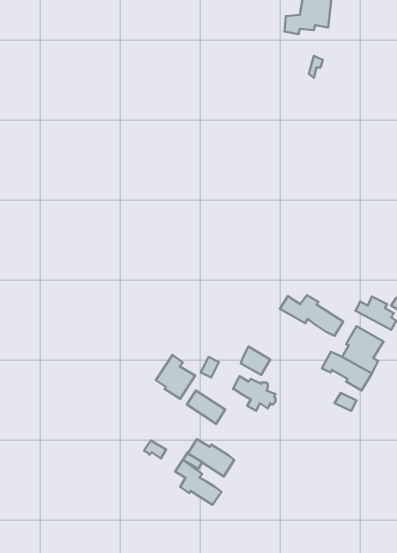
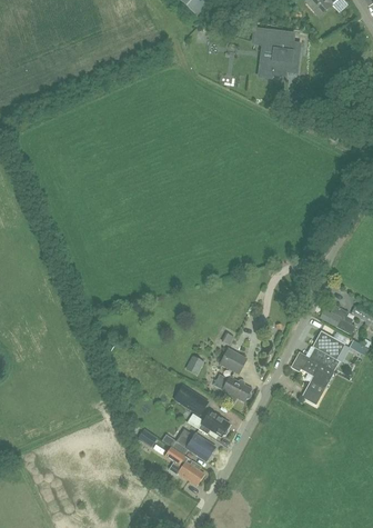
building: [280,295,343,336] -> none
building: [156,355,195,399] -> none
building: none -> [198,409,229,435]

